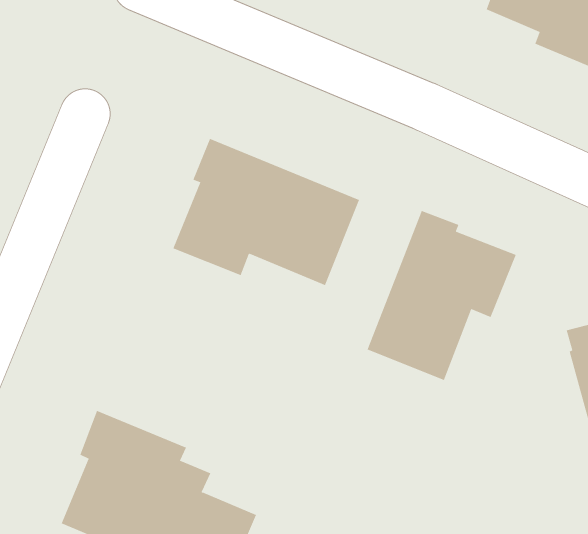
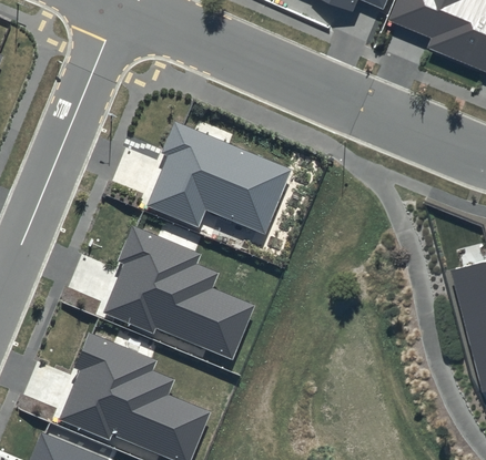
building: [367,210,516,381] -> none
building: none -> [104,226,255,359]

